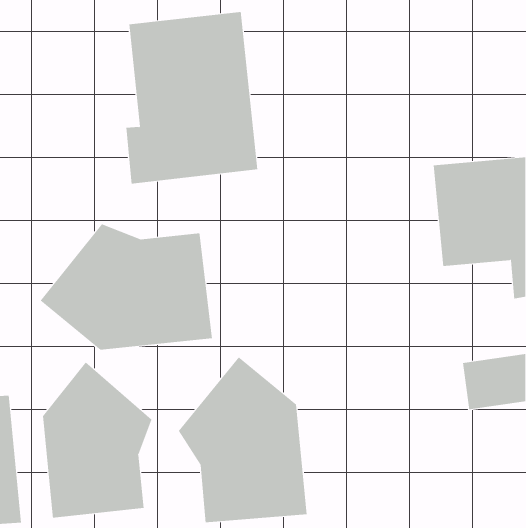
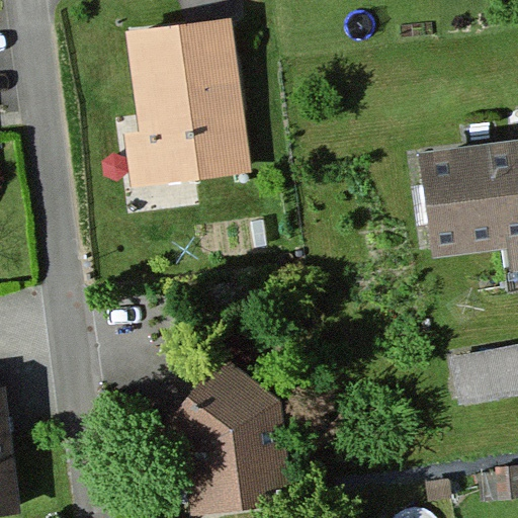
building: [40,224,212,351] -> none
building: [43,361,152,518] -> none

